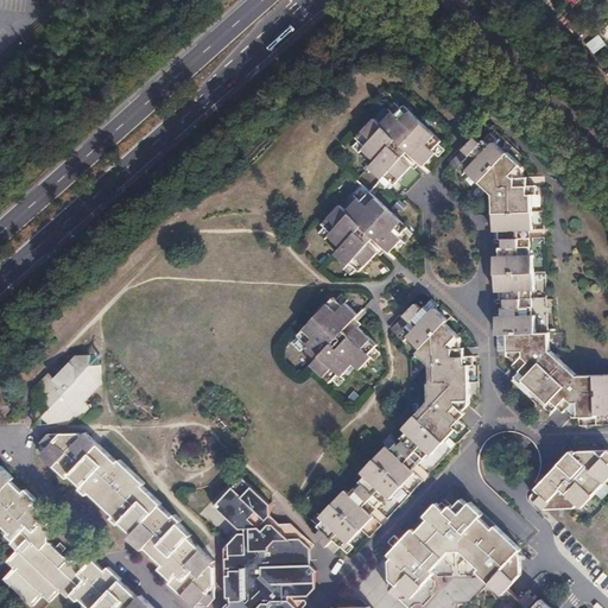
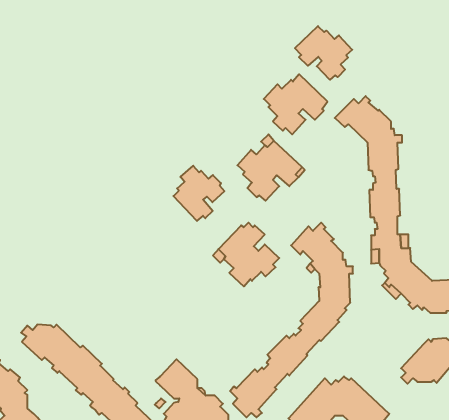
building: none -> [295,26,352,80]
building: none -> [173,166,224,221]
building: [30,355,102,425] -> none

